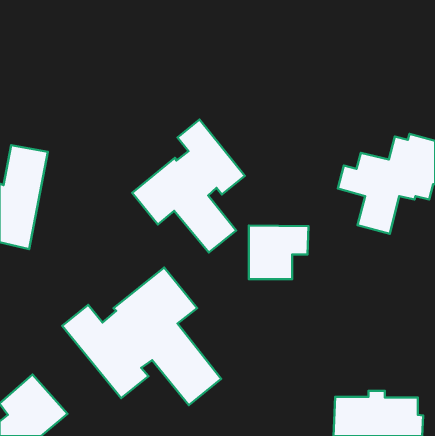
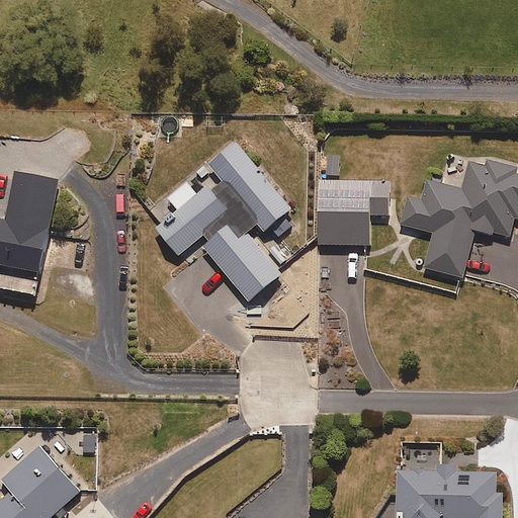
building: [249,225,308,279] -> [318,180,388,244]
building: [62,267,221,405] -> none

